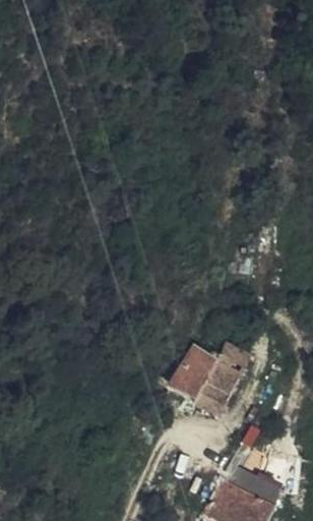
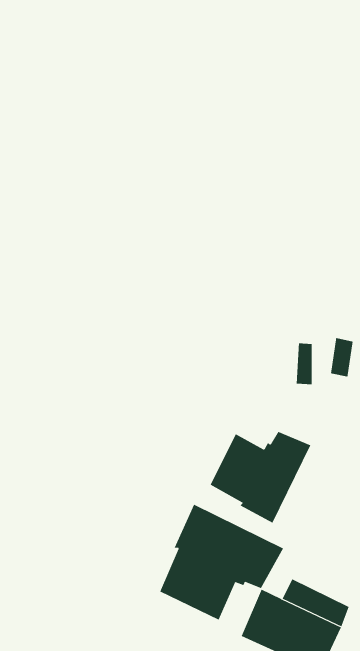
building: none -> [159,504,284,621]

